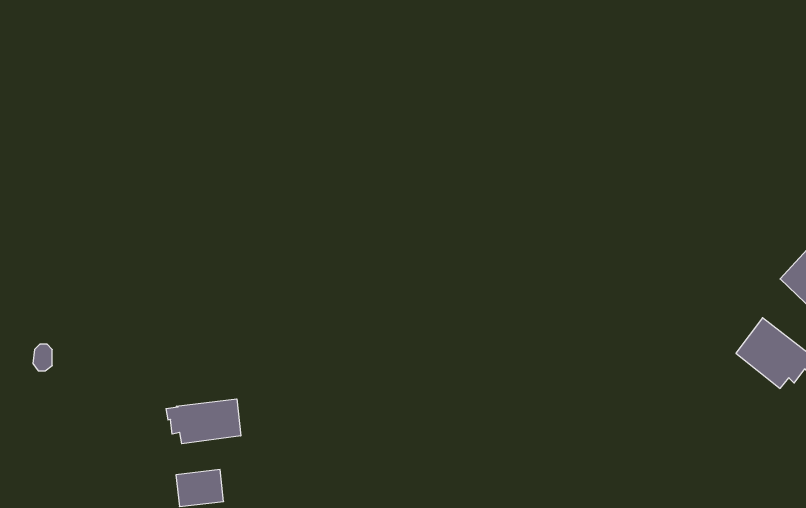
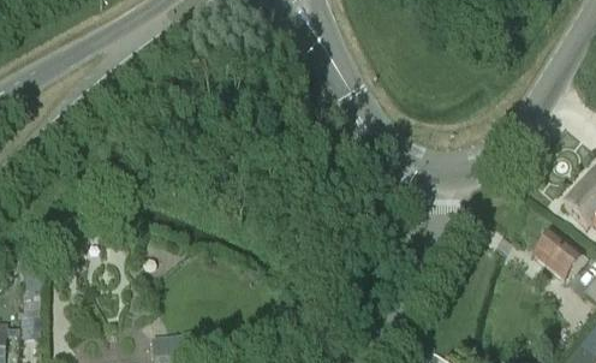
building: [166,399,241,444] -> none

